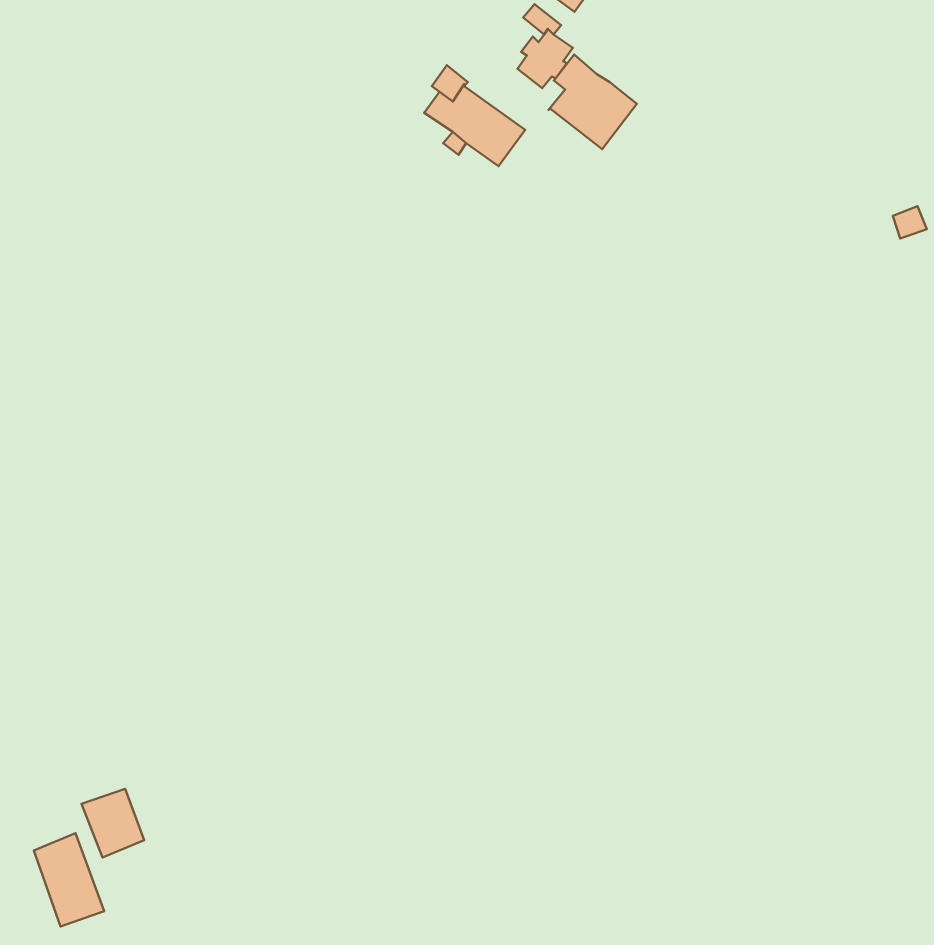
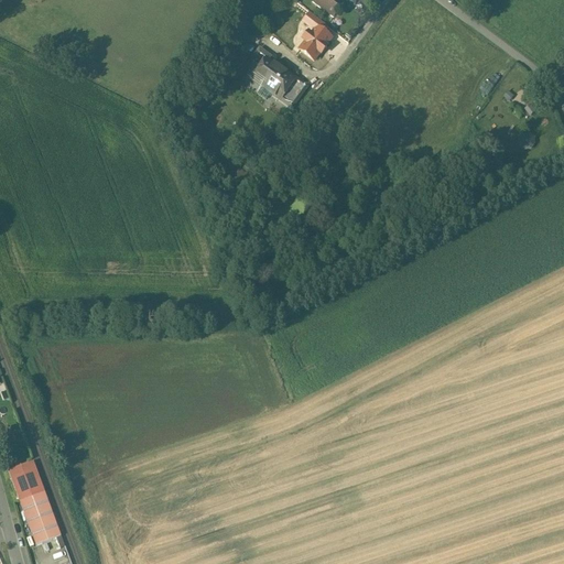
building: [549,54,637,149] -> none
building: [81,789,144,857] -> [8,459,44,499]

